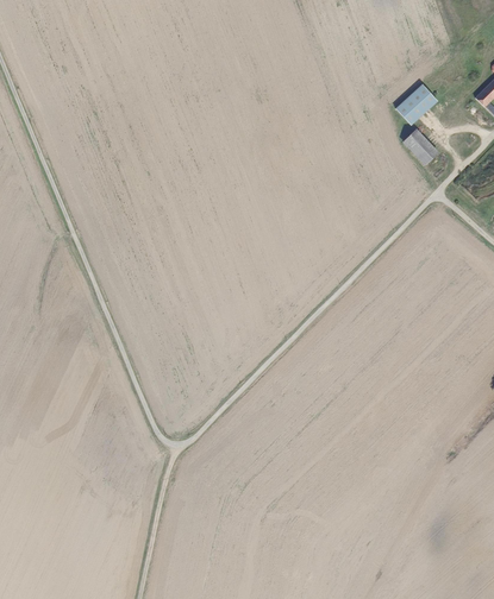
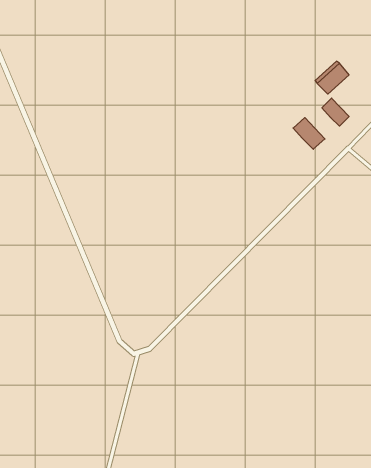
building: none -> [293,118,325,149]

